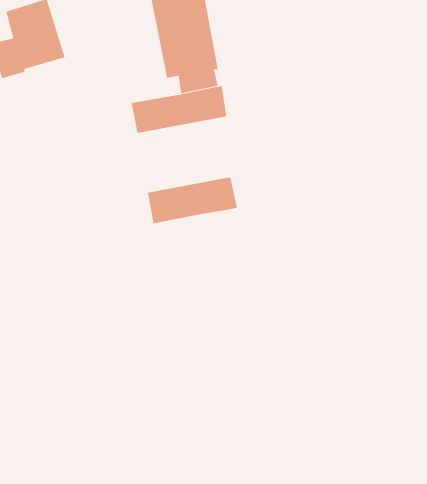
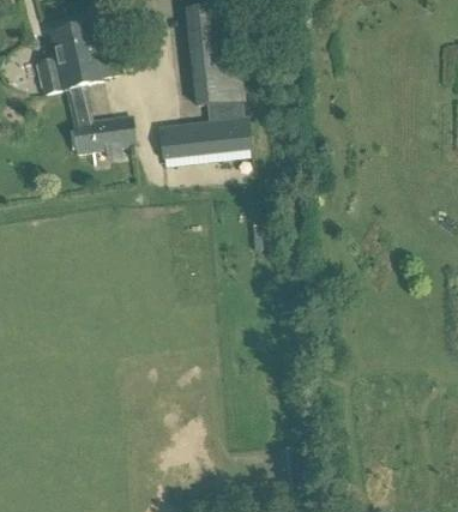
building: none -> [65,83,138,157]
building: [147,176,237,224] -> none

